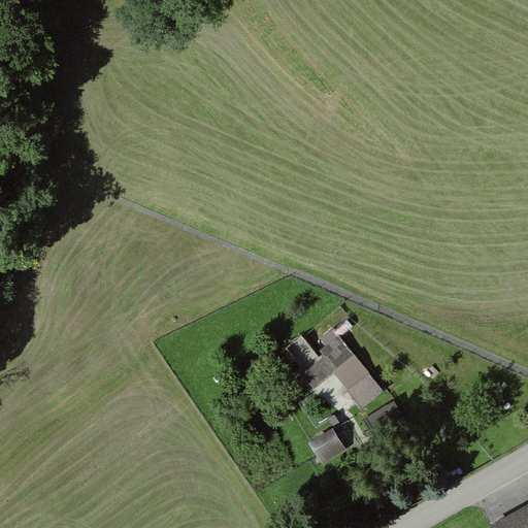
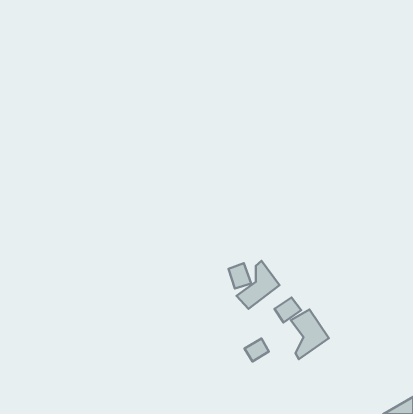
building: none -> [291,309,329,359]

